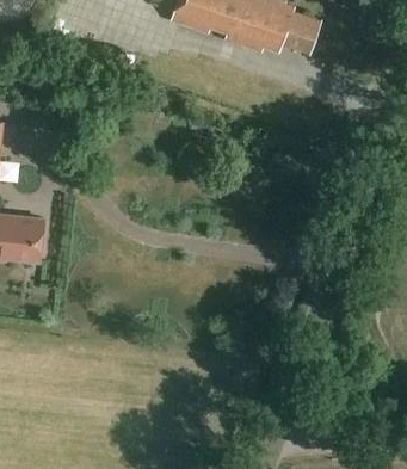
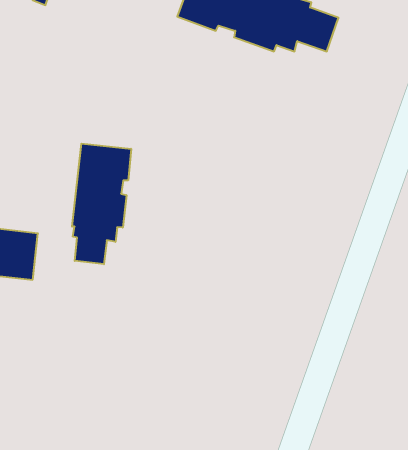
building: none -> [72,144,131,264]

